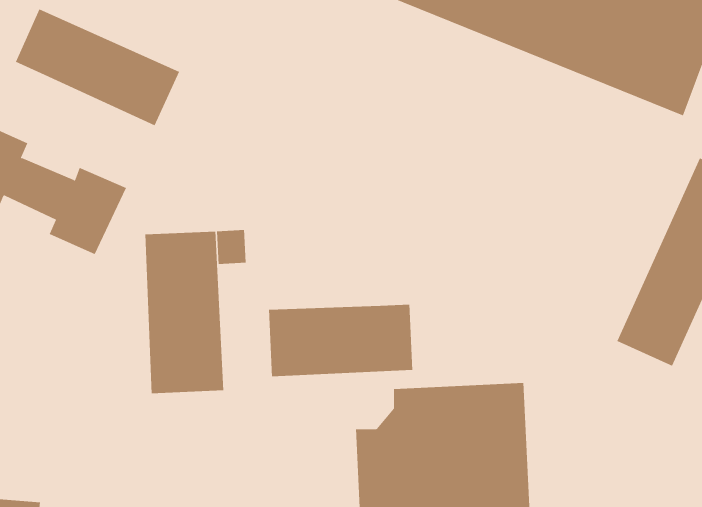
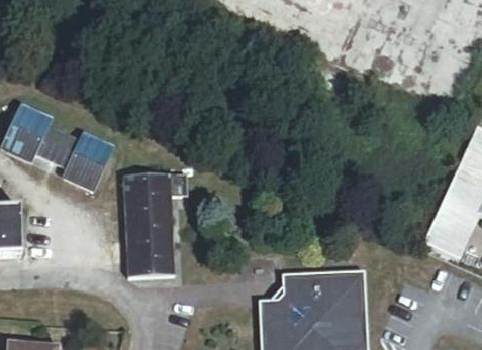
building: [15,9,180,126] -> none
building: [269,304,413,377] -> none

